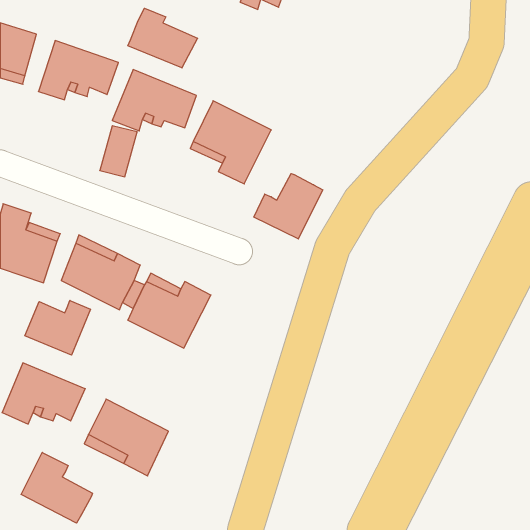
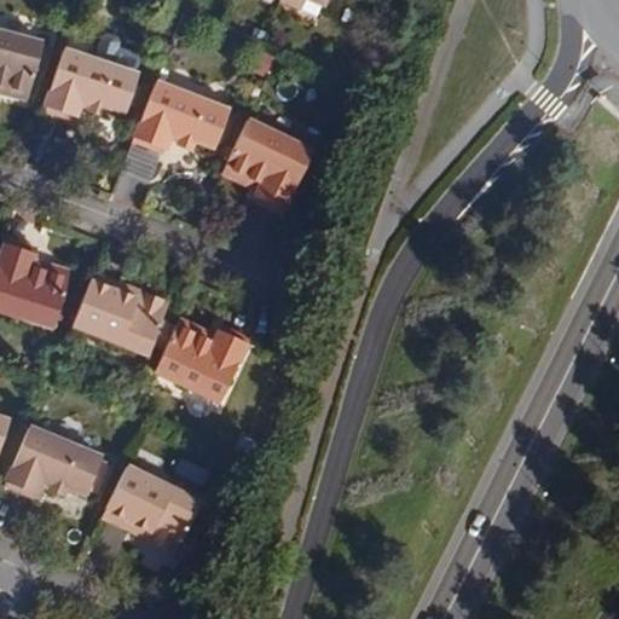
building: [128,8,198,68] -> none
building: [254,174,323,239] -> none
building: [25,300,90,355] -> none
building: [21,452,92,523] -> none

